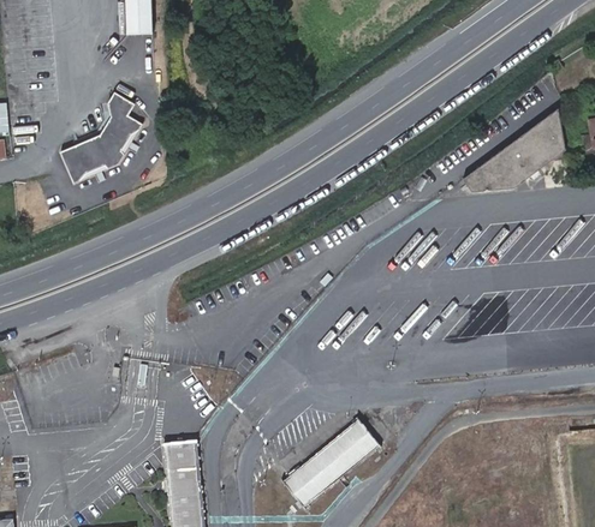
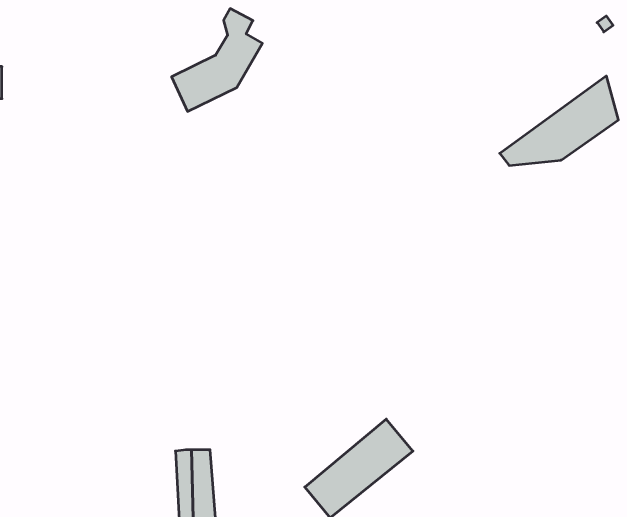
building: [58,90,139,182] -> [172,9,262,111]

